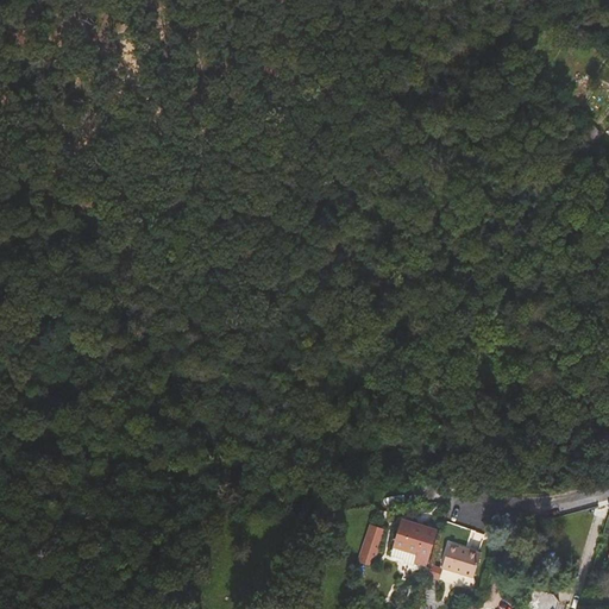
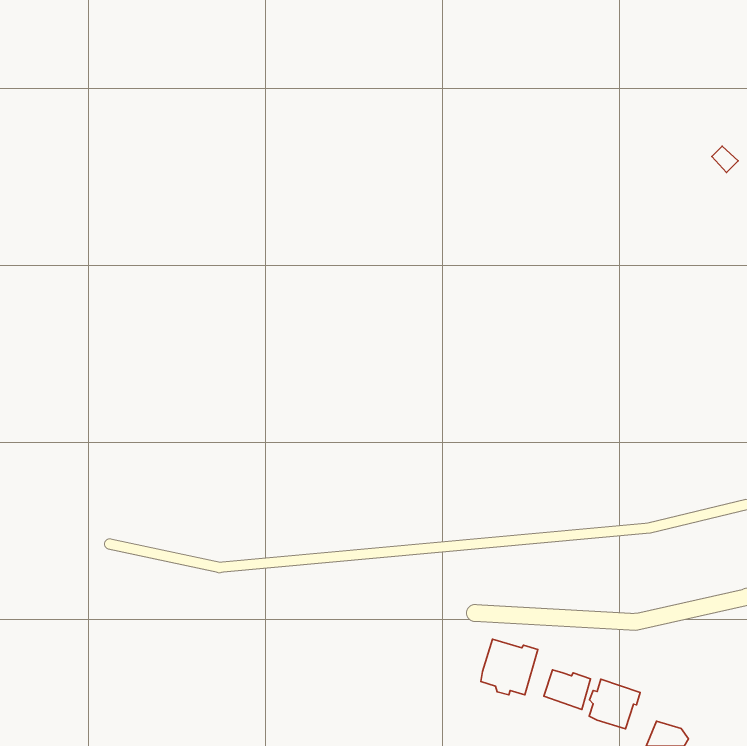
building: [357,523,385,561] -> none
building: none -> [589,679,640,729]

